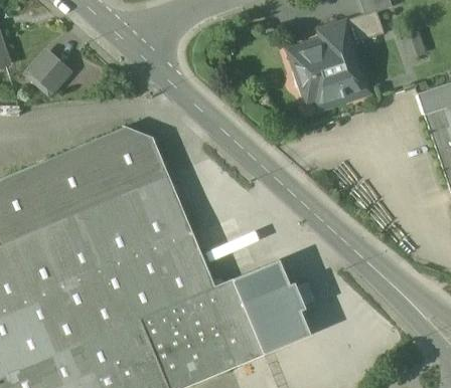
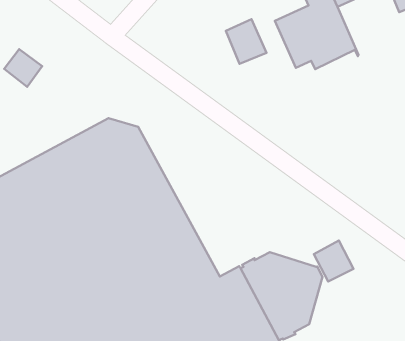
building: none -> [226,19,267,64]
building: none -> [314,240,353,281]

